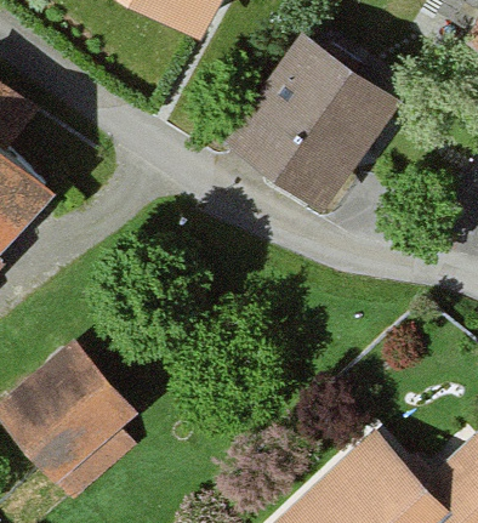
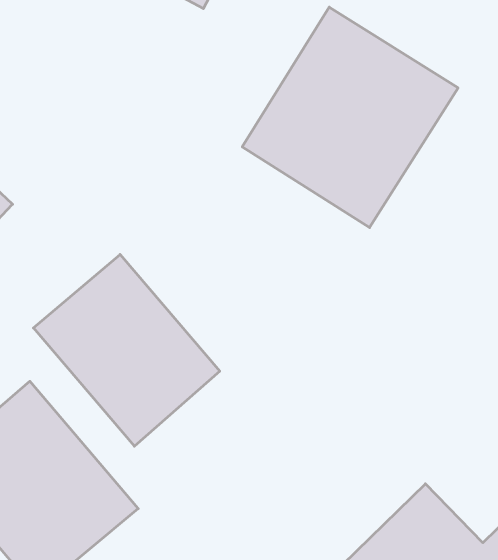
building: none -> [33,254,220,446]

